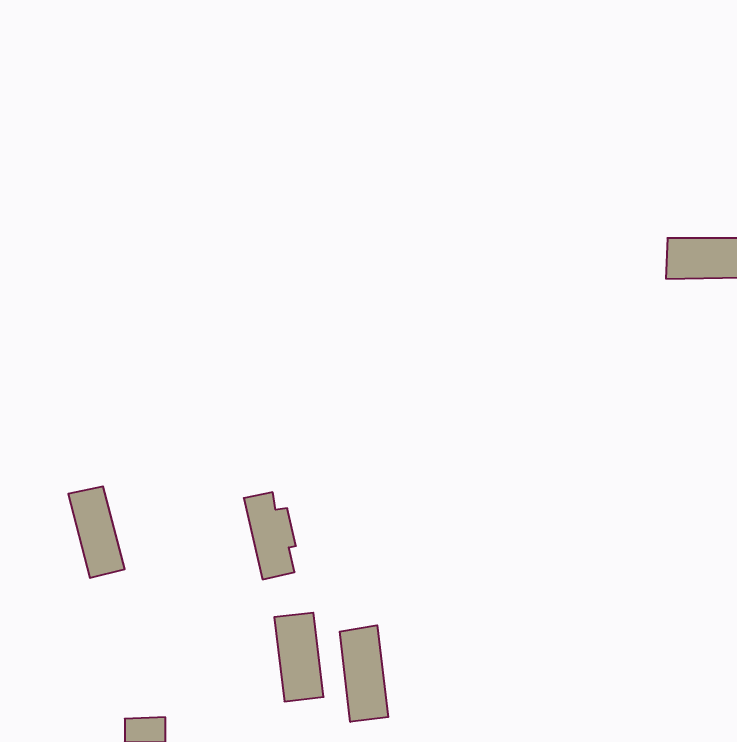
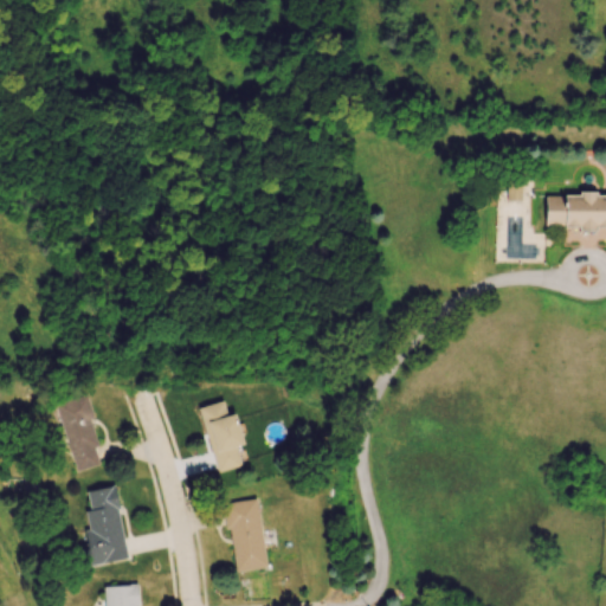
building: none -> [84,486,129,566]
building: [340,625,388,722] -> none

